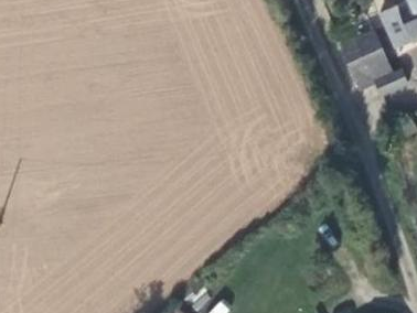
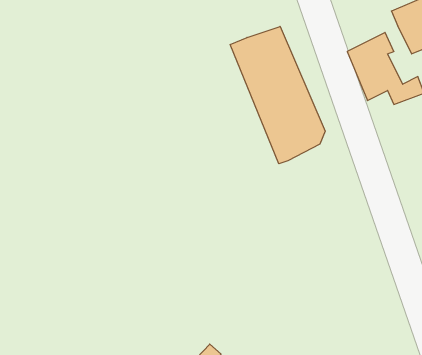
building: none -> [230,26,325,164]

